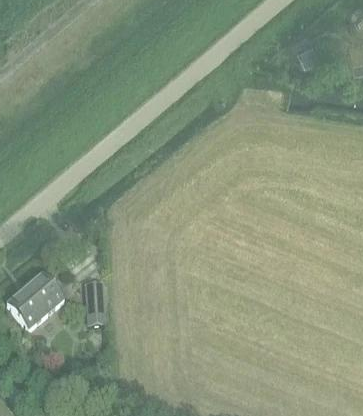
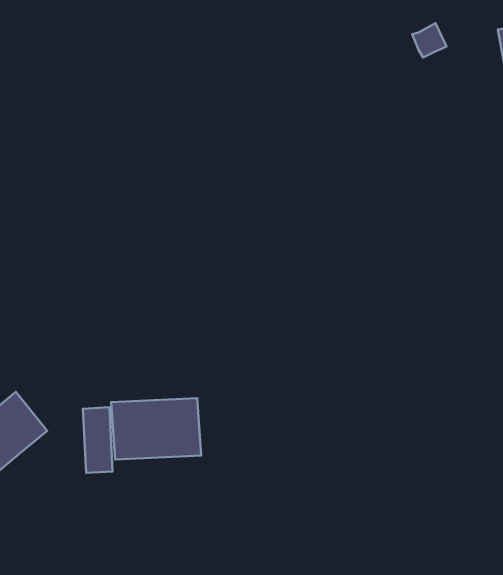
building: none -> [111,398,201,460]

